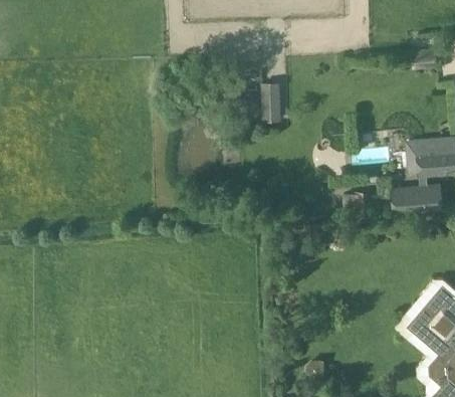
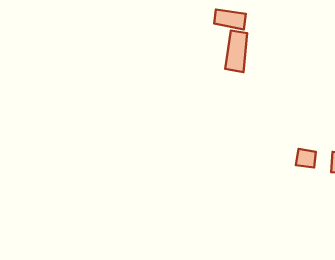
building: none -> [214,9,246,29]

